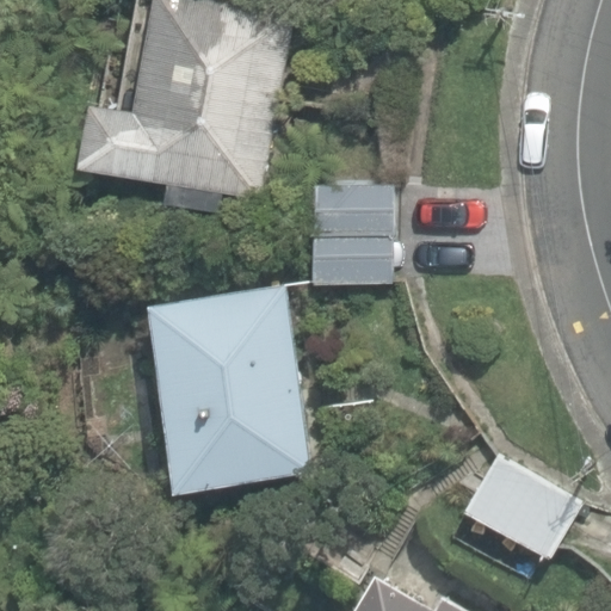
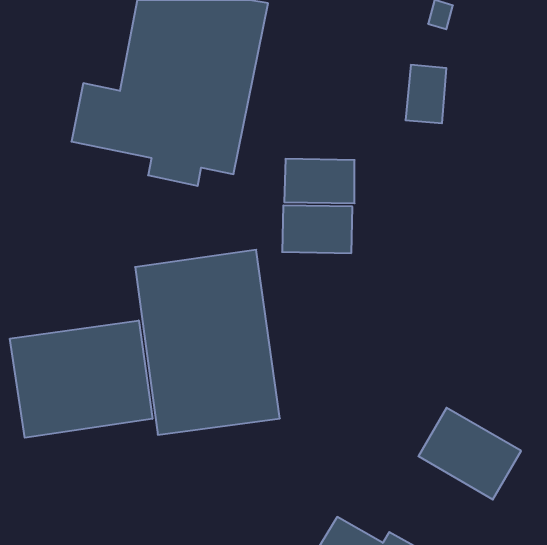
building: none -> [10,320,152,438]

